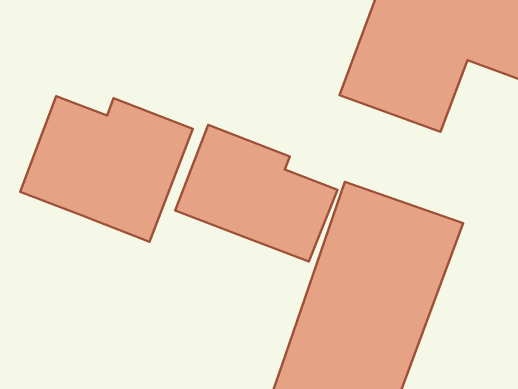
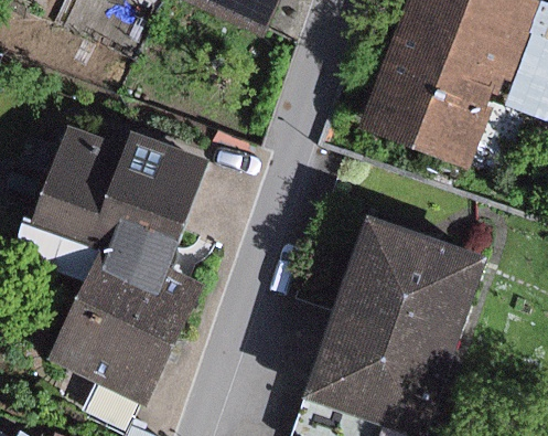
building: [175,125,337,262] -> none
building: none -> [47,249,194,404]

